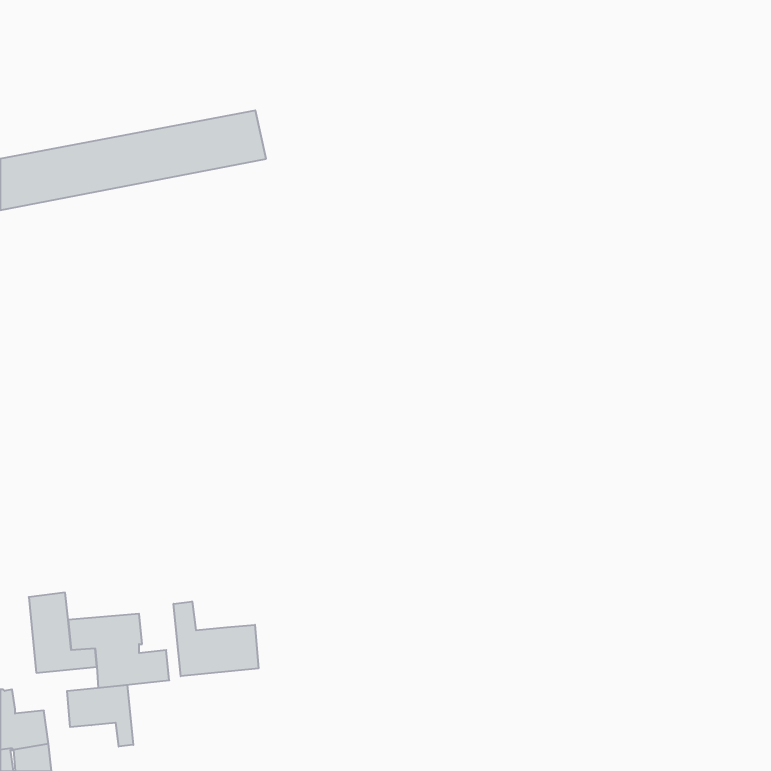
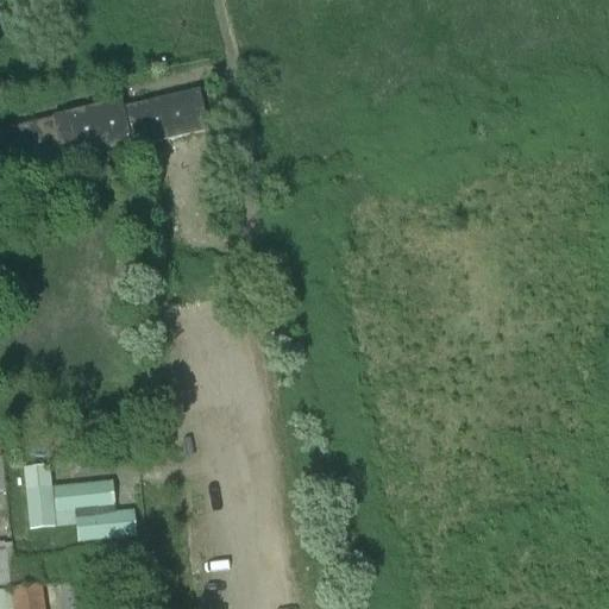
building: [174,601,258,676] -> none
building: [67,685,133,747] -> none

